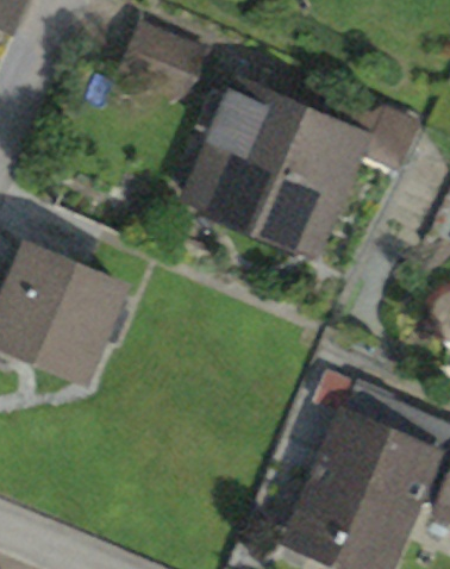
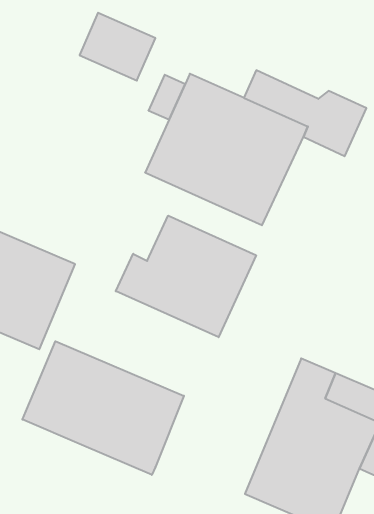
building: none -> [116,216,256,337]
building: none -> [22,341,184,475]

